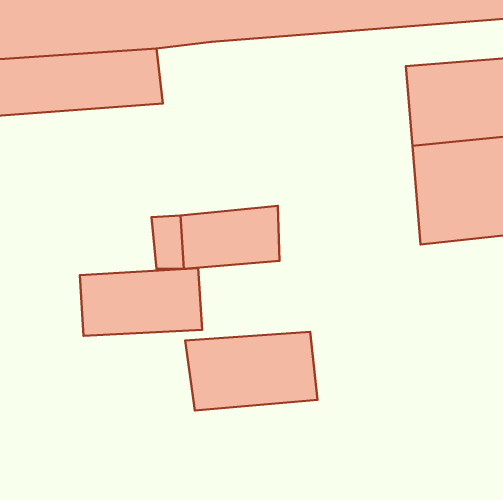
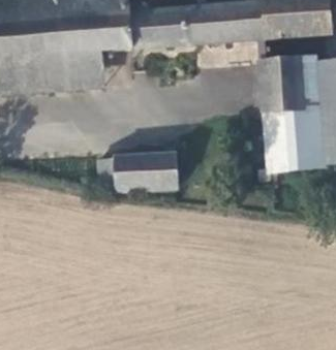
building: [80,268,202,336] -> none
building: [185,332,318,410] -> none

